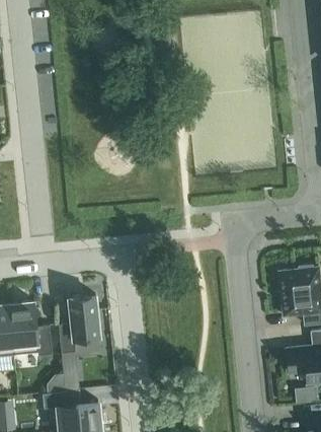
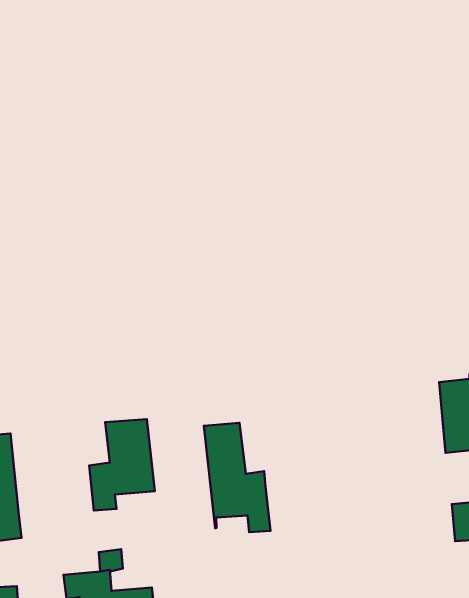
building: none -> [204,423,271,532]
building: [8,301,52,355] -> none

